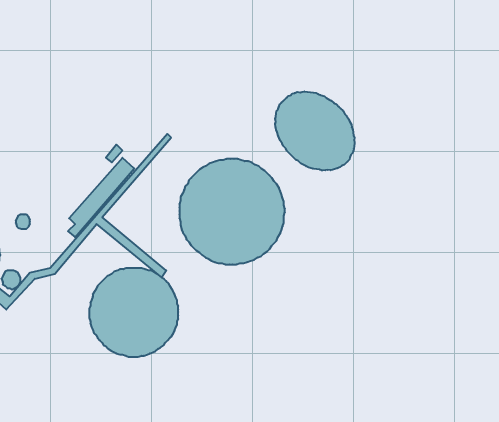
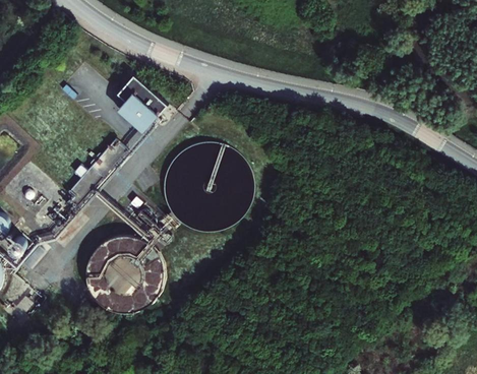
building: none -> [114,75,163,130]
building: [275,91,355,171] -> none

